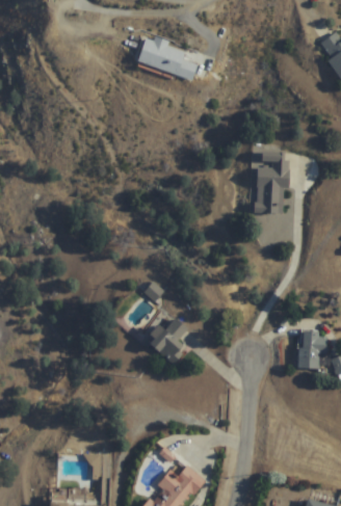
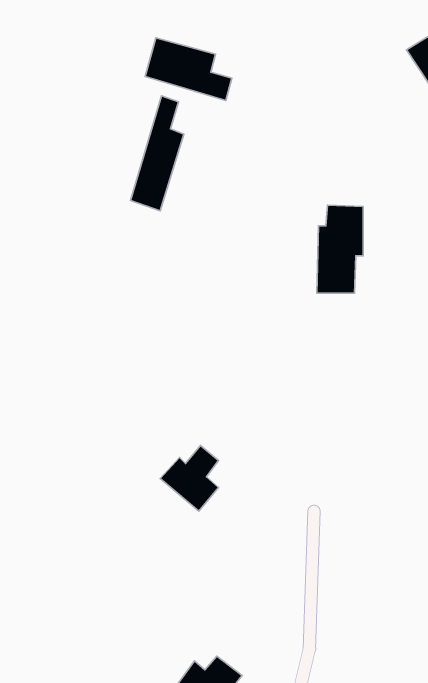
building: none -> [130,96,184,211]
building: [298,330,327,369] -> none

